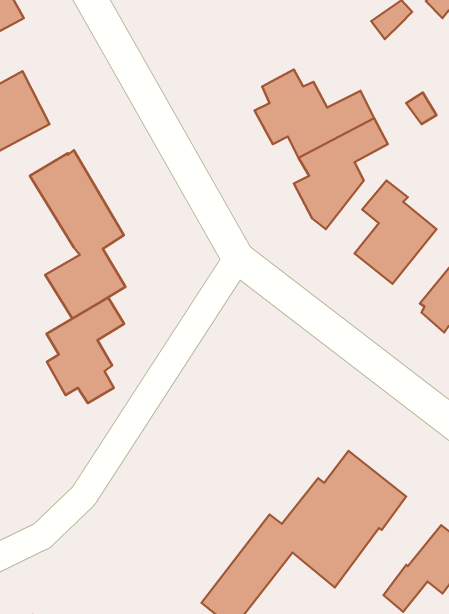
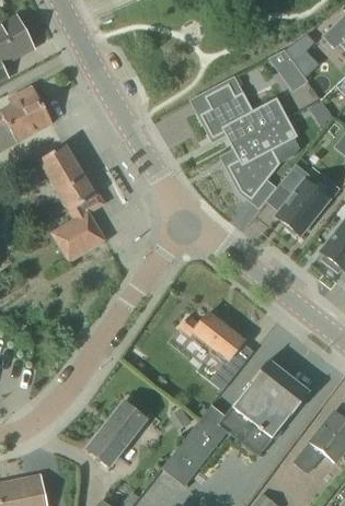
building: none -> [268,48,308,91]
building: [47,298,124,403] -> none
building: none -> [179,311,245,390]
building: none -> [87,400,147,466]

